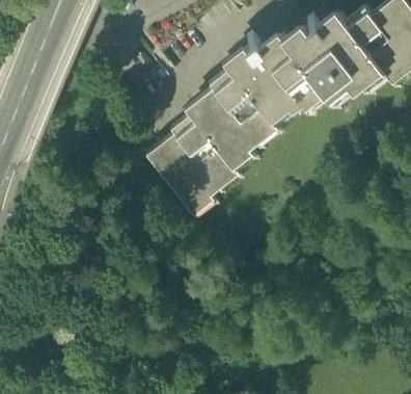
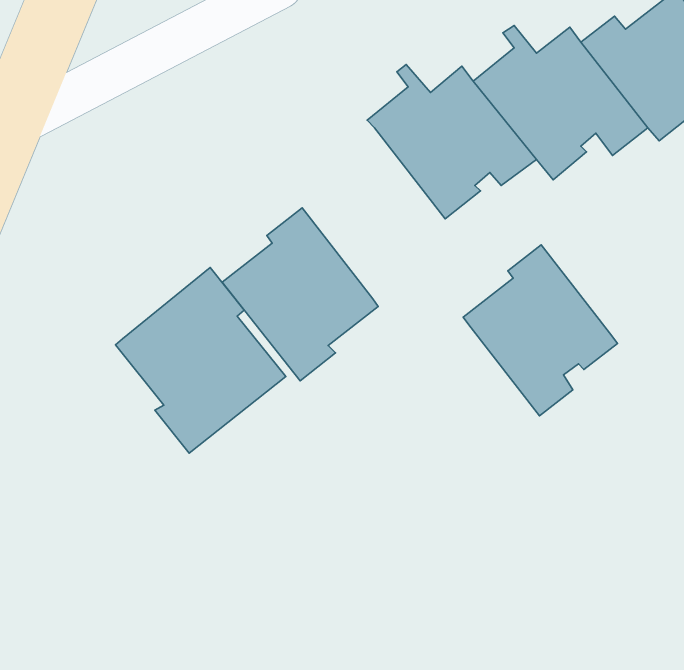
building: [190,76,276,172] -> [463,245,617,416]
building: none -> [115,267,286,453]

